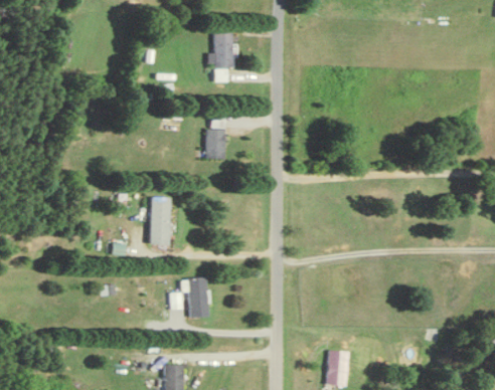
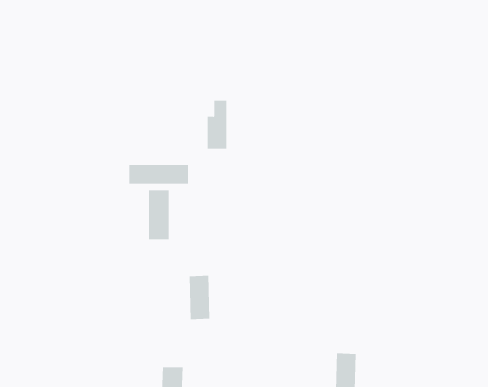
building: [214,32,232,80] -> none
building: none -> [129,164,189,184]

